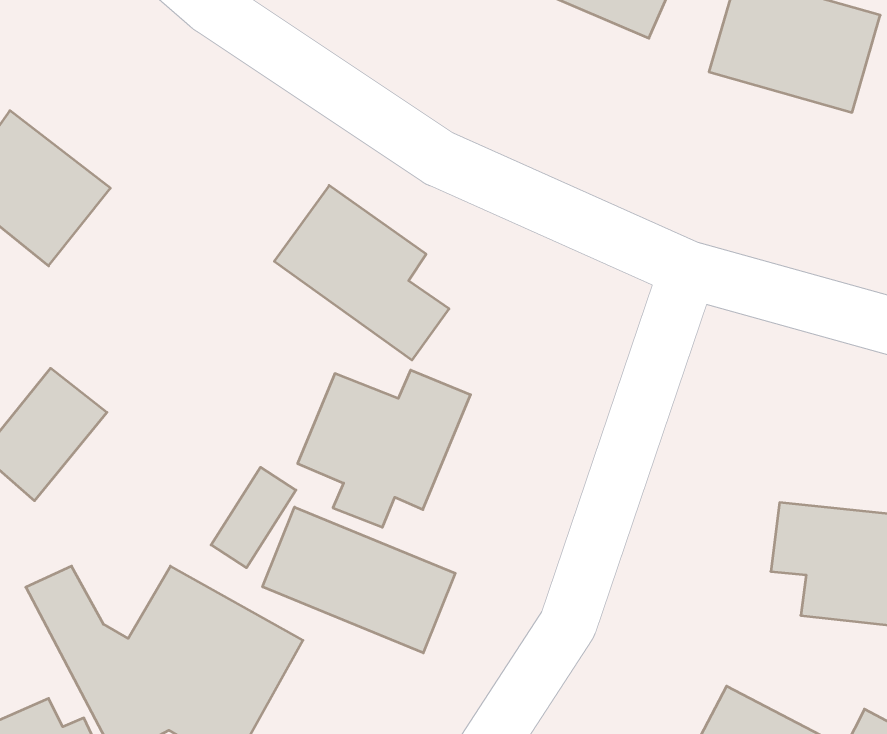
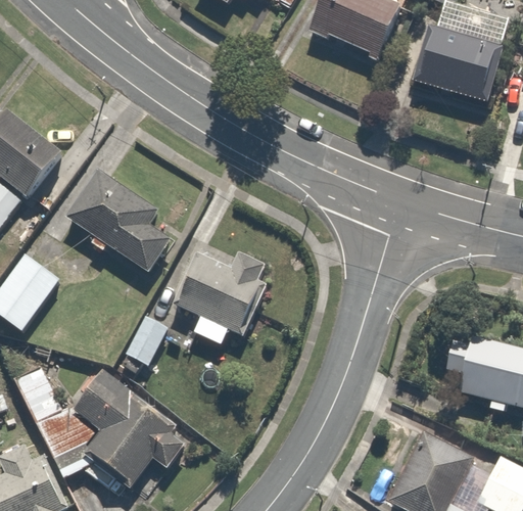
building: [274,185,449,360] -> [64,171,165,272]
building: [263,507,455,653] -> none

